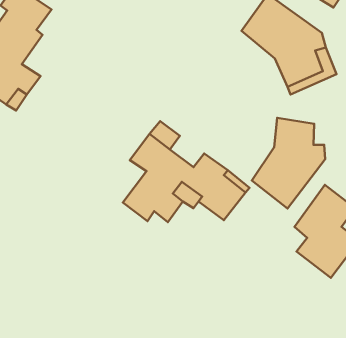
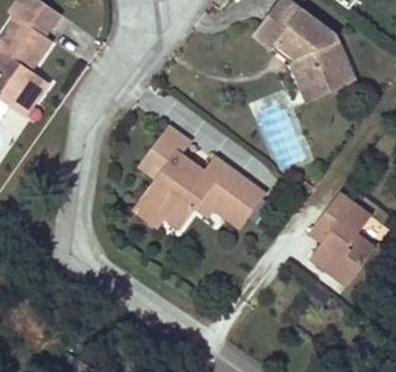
building: [252,118,325,208] -> none

